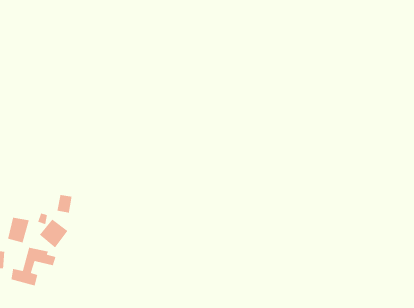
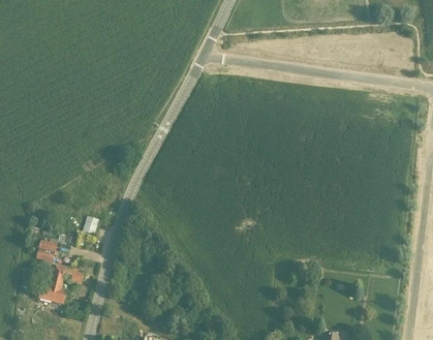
building: [39,219,68,248] -> none

